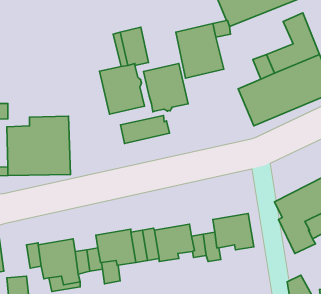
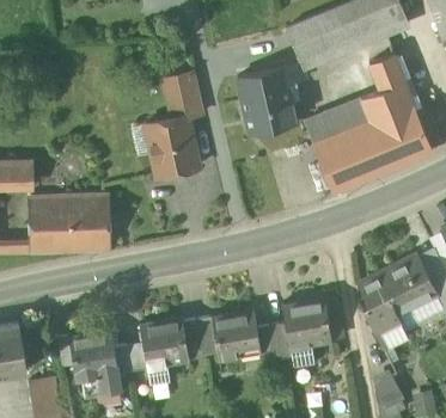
building: none -> [305,111,342,147]
building: [144,64,188,112] -> none
building: [121,115,170,144] -> none

